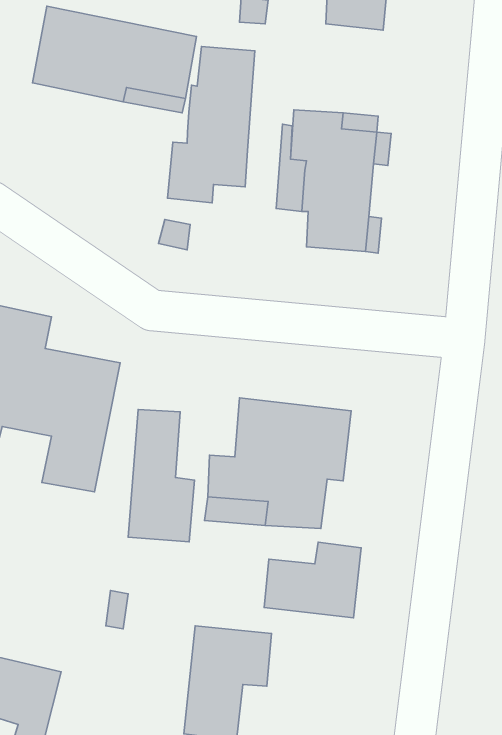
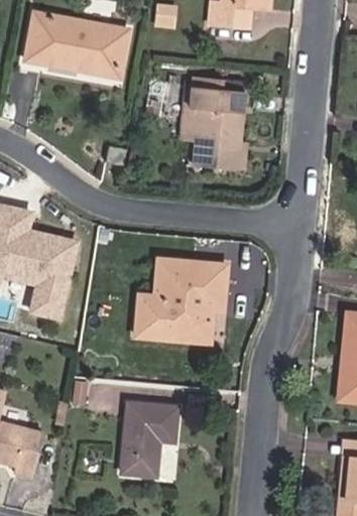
building: [168,47,255,203] -> none
building: [128,410,195,542] -> none
building: [264,542,361,618] -> none

